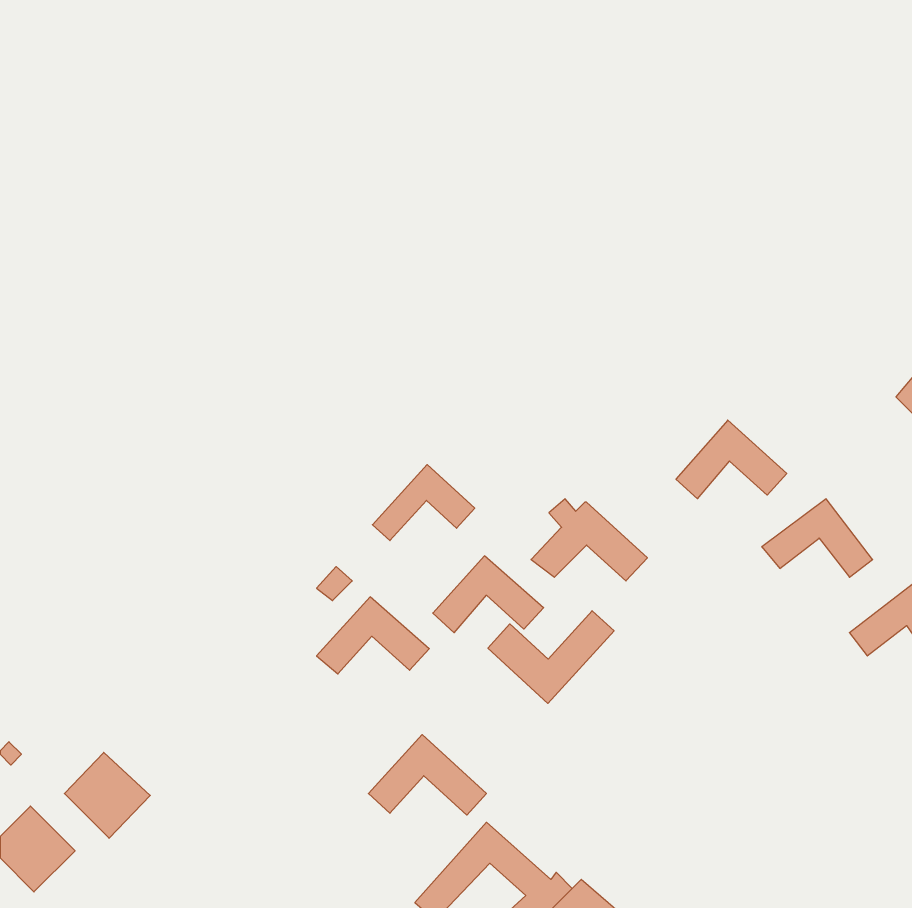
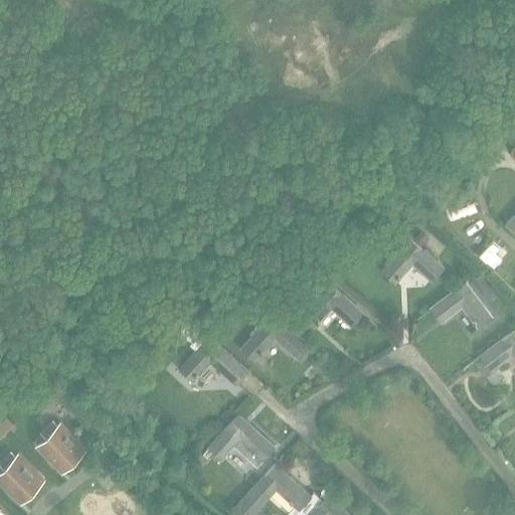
building: [372,465,475,541] -> none
building: [488,611,614,703] -> none

